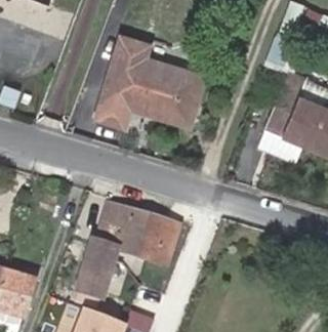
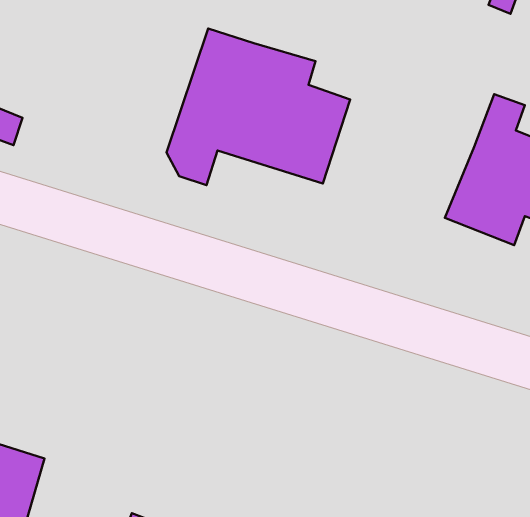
building: [76,201,178,298] -> none

